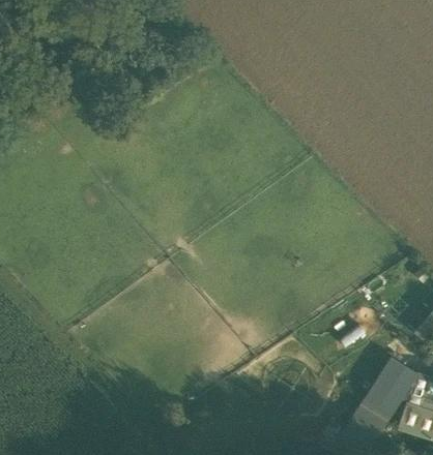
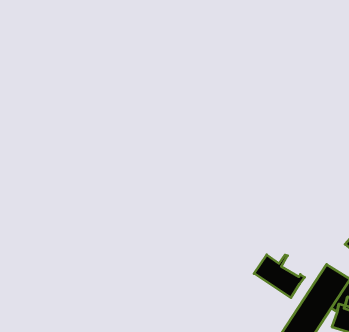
building: none -> [254,255,305,298]

